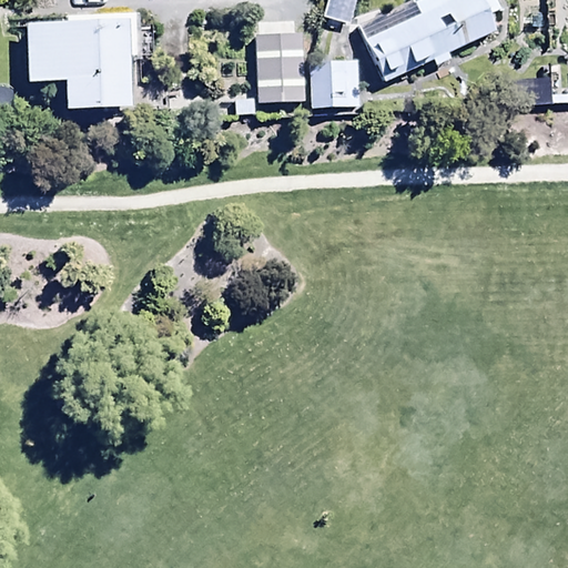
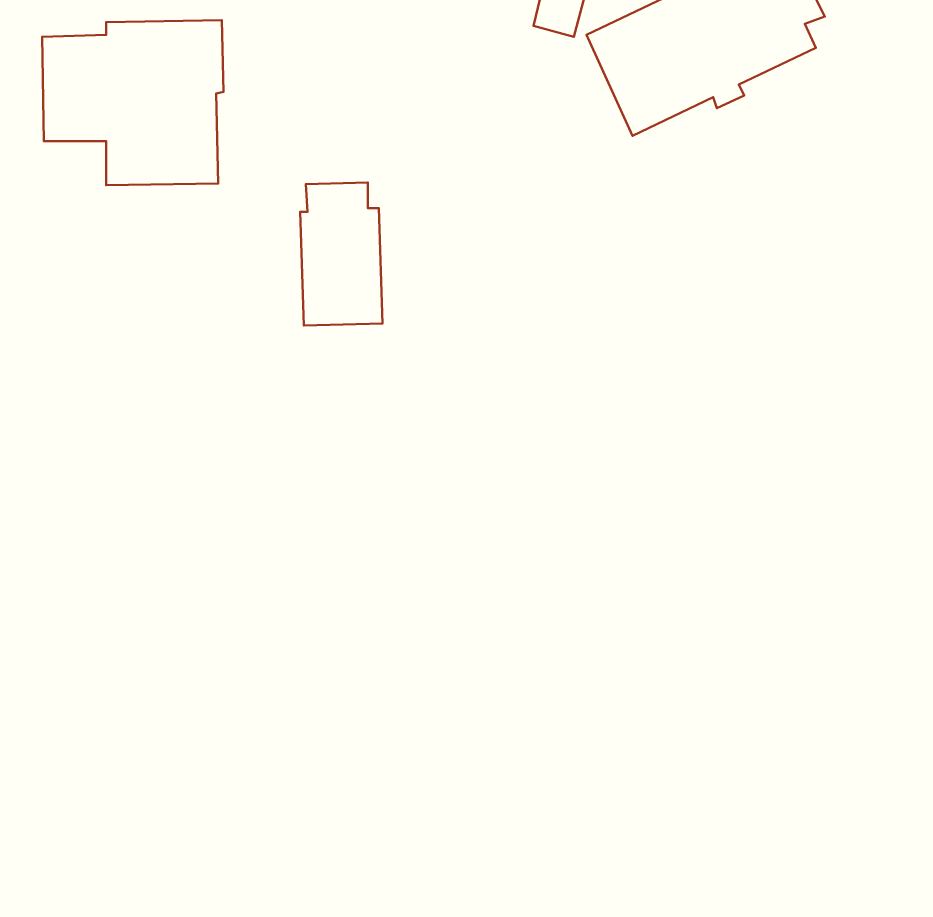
building: [256,17,306,103] -> [300,182,383,325]
building: [312,59,359,110] -> none

